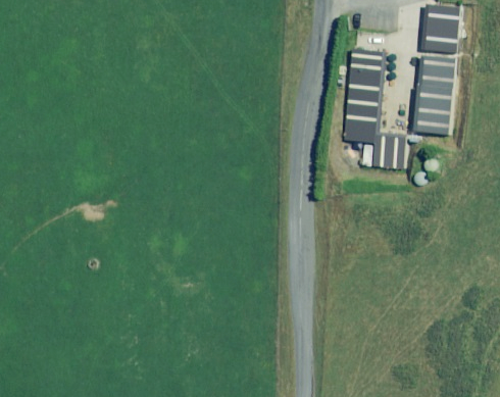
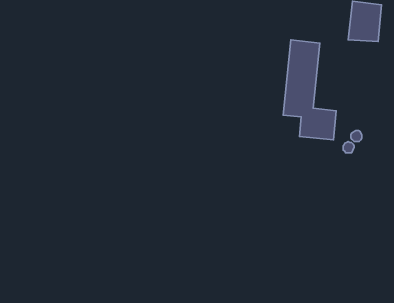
building: [411,54,455,135] -> none

